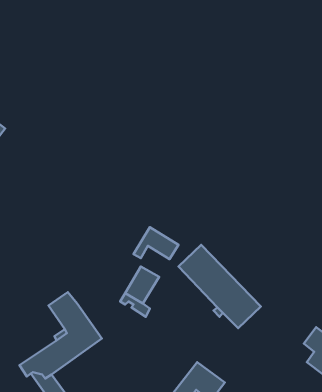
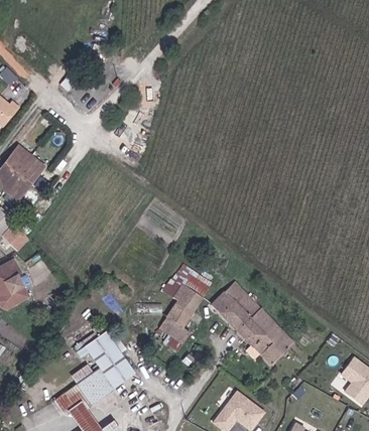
building: none -> [176,281,205,311]

